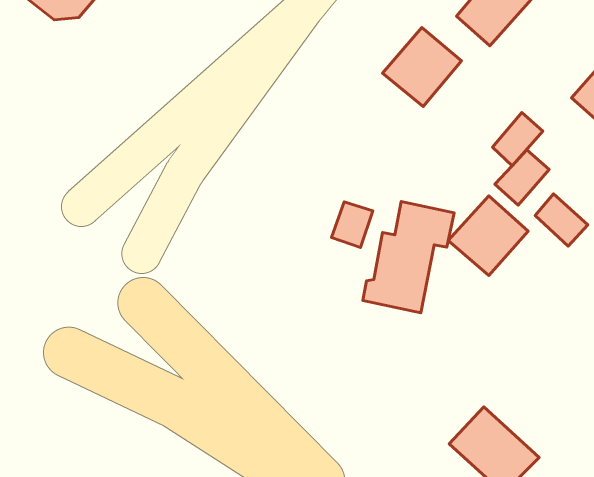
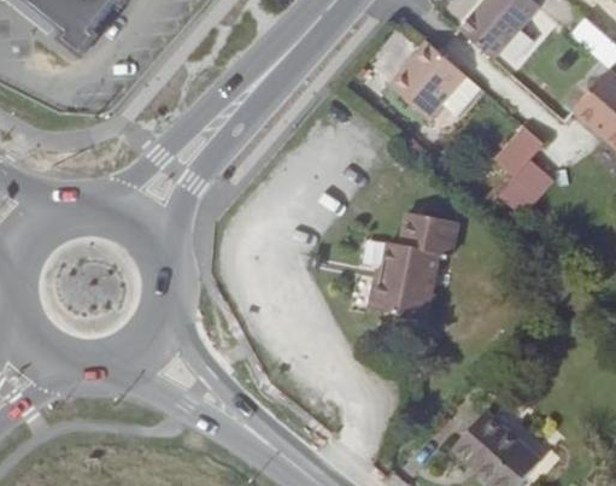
building: [535,194,588,246] -> none
building: [448,196,528,275] -> none
building: [331,202,373,247] -> none

